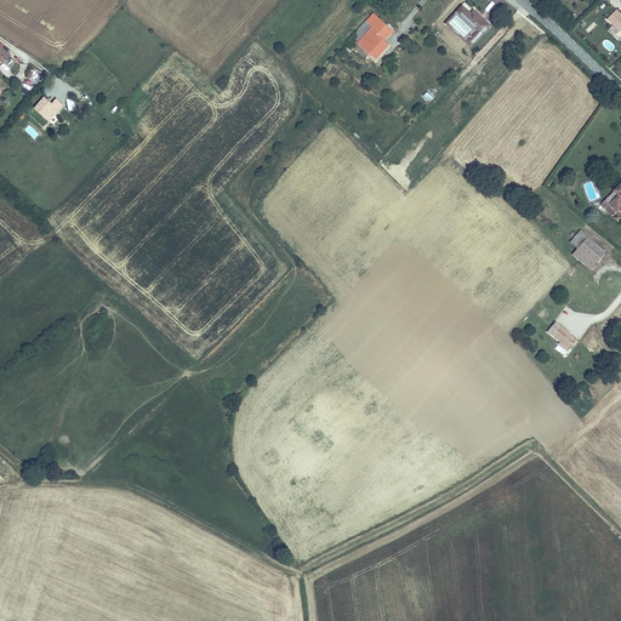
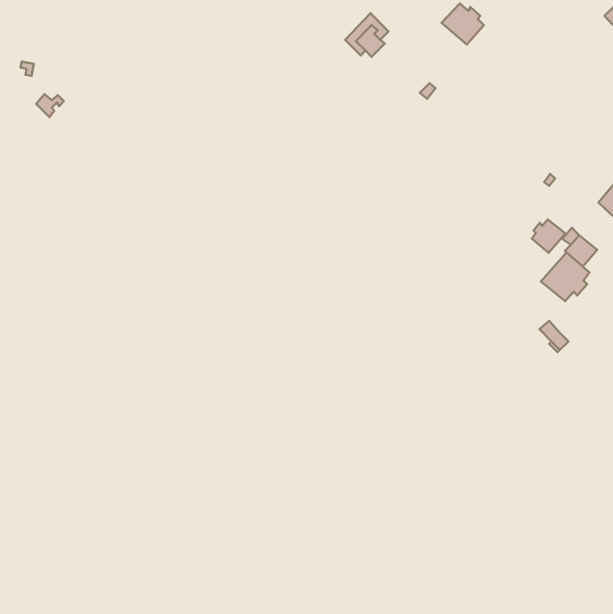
building: none -> [532,219,565,253]
building: none -> [541,253,590,301]

